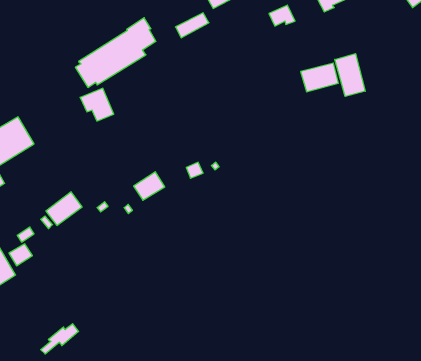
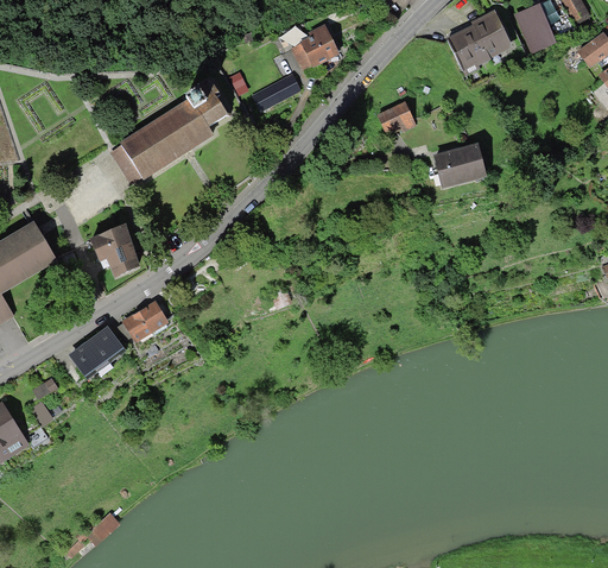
building: [269,5,295,26] -> [379,102,416,132]
building: [335,54,365,96] -> none
building: [80,88,114,121] -> [91,227,139,273]
building: [134,172,165,200] -> [124,301,167,341]

